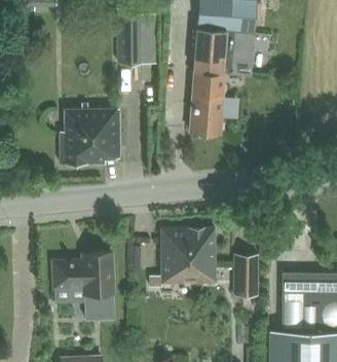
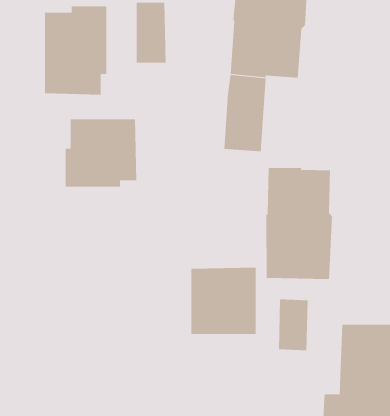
building: none -> [45,6,107,95]
building: none -> [266,167,333,280]
building: [53,254,115,320] -> none

